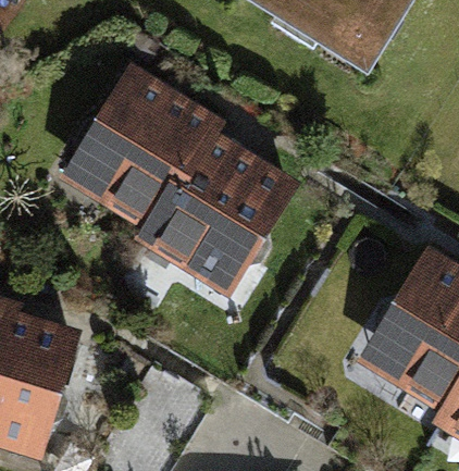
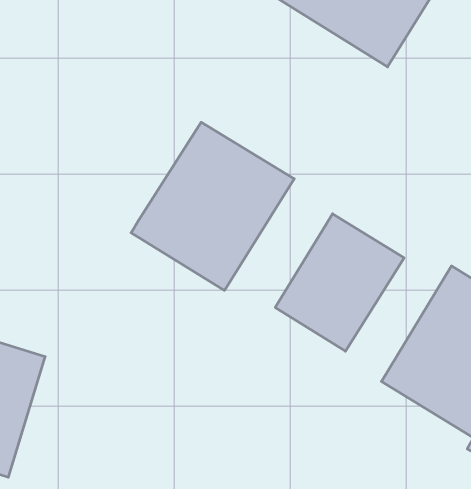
building: [70,65,214,213] -> none
building: none -> [275,214,404,351]

